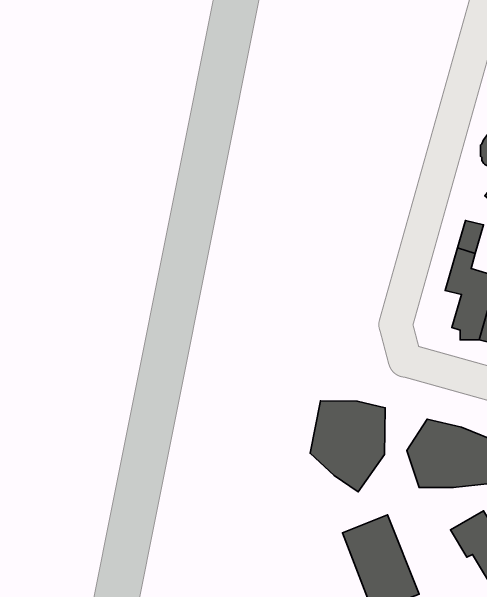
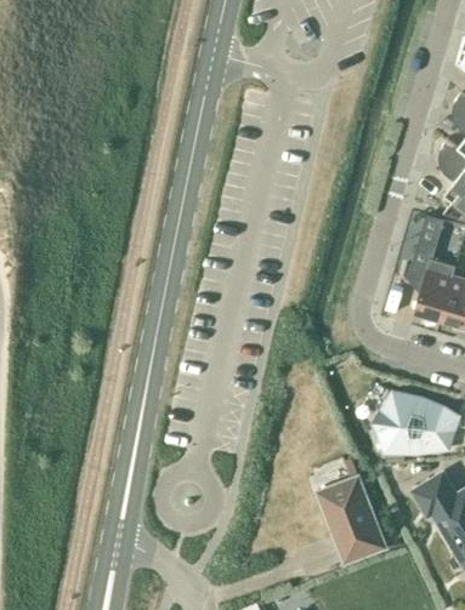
building: [310,401,385,492] -> none

